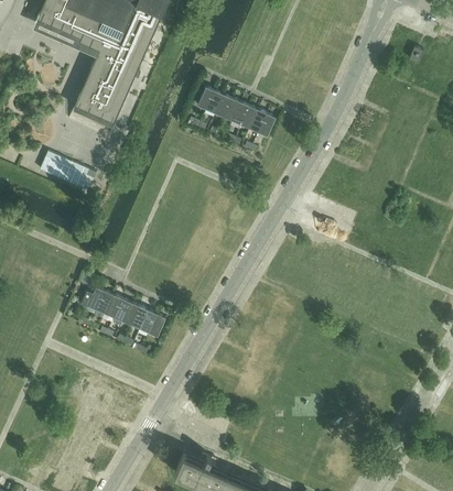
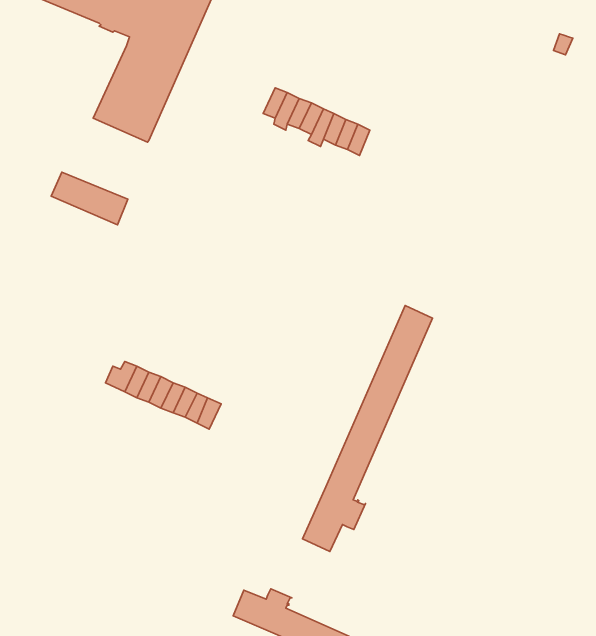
building: none -> [303,305,432,552]

